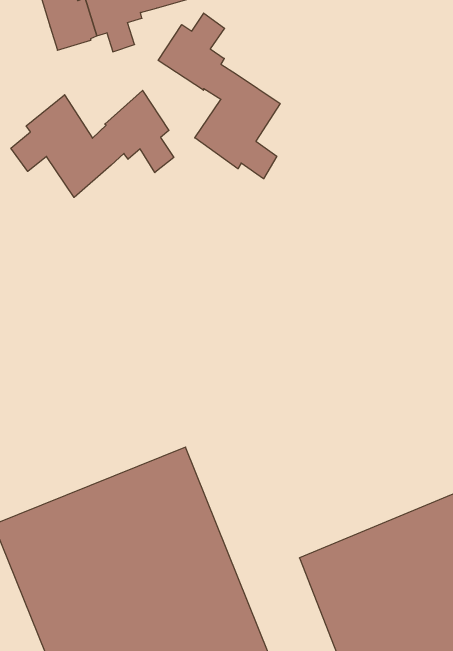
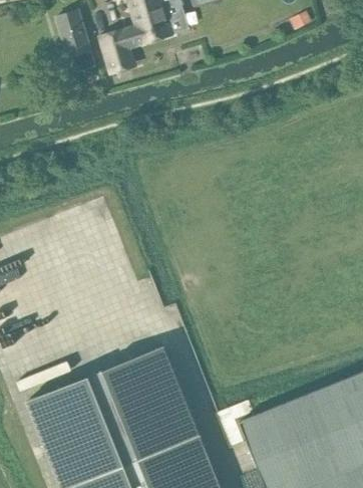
building: [158,13,280,179] -> none
building: [11,90,174,197] -> none

